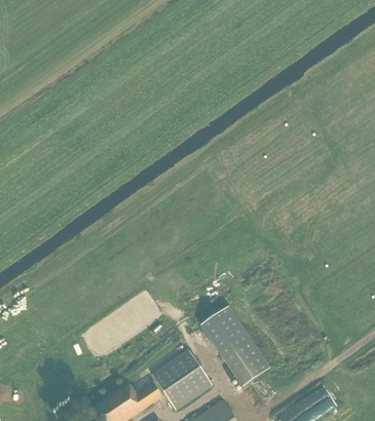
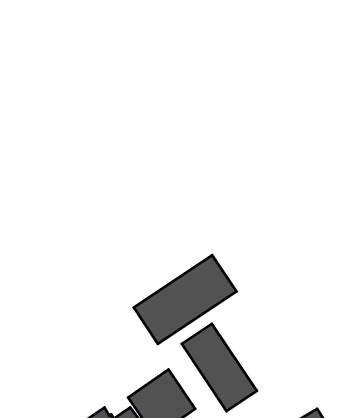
building: none -> [134,255,236,344]

